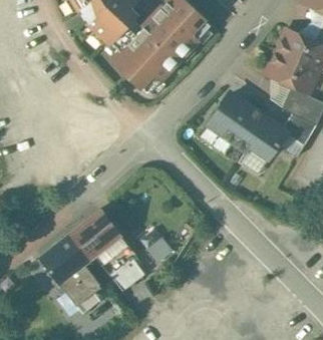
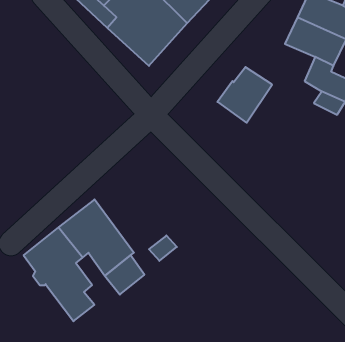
building: [233,109,288,158] -> none

